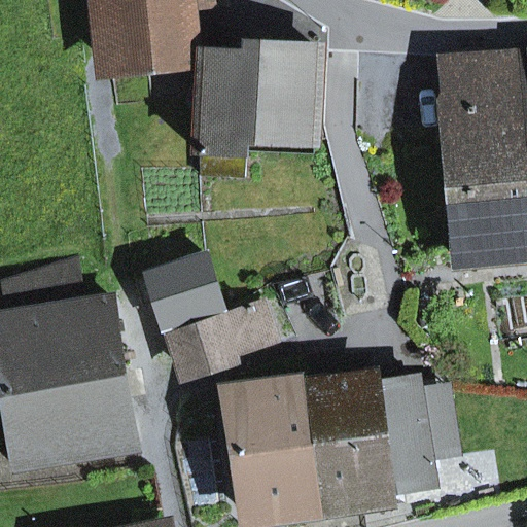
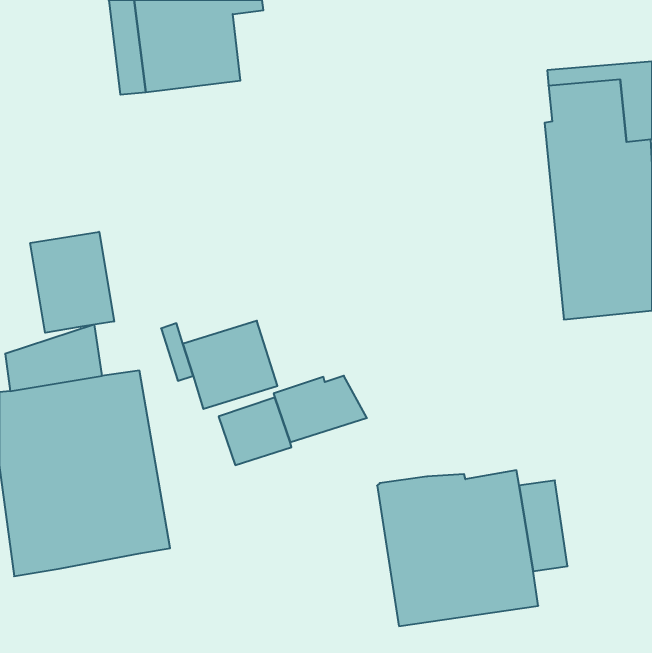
building: [200,48,318,177] -> none
building: none -> [30,232,114,333]
building: [227,379,321,514] -> none

